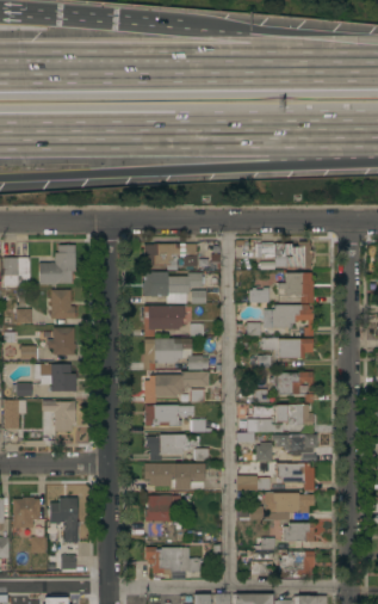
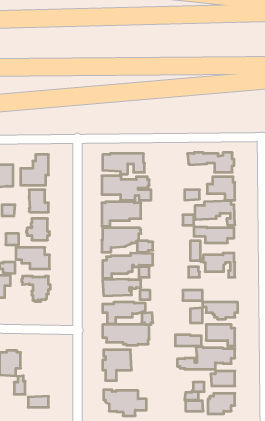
building: [275,405,314,425] -> none
building: [50,498,78,543] -> none

